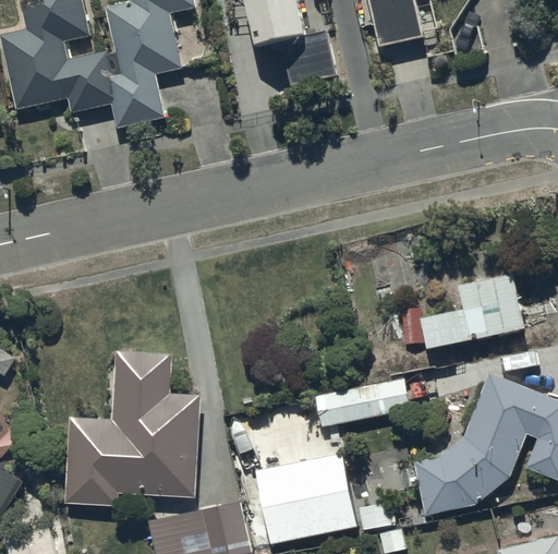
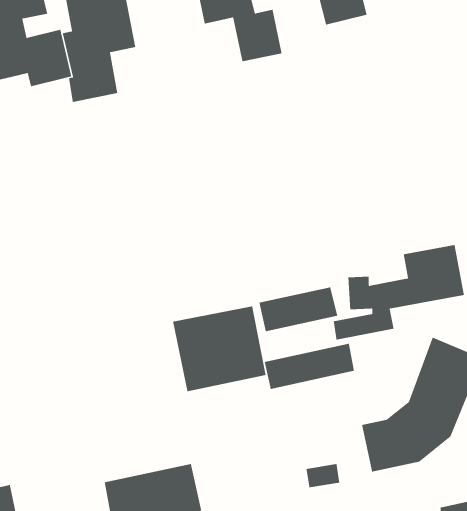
building: none -> [259,287,338,332]
building: [65,350,201,502] -> none
building: [256,454,354,544] -> [172,305,266,392]

